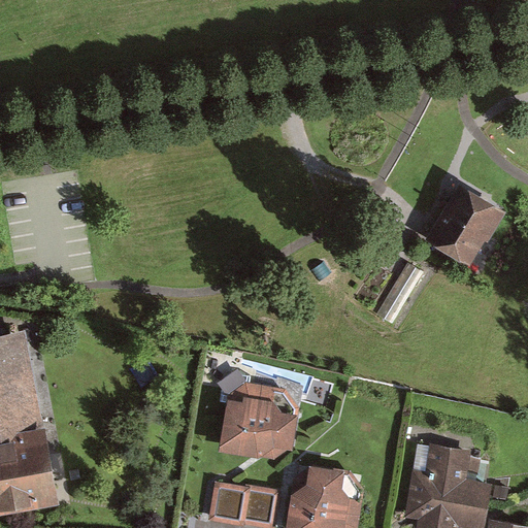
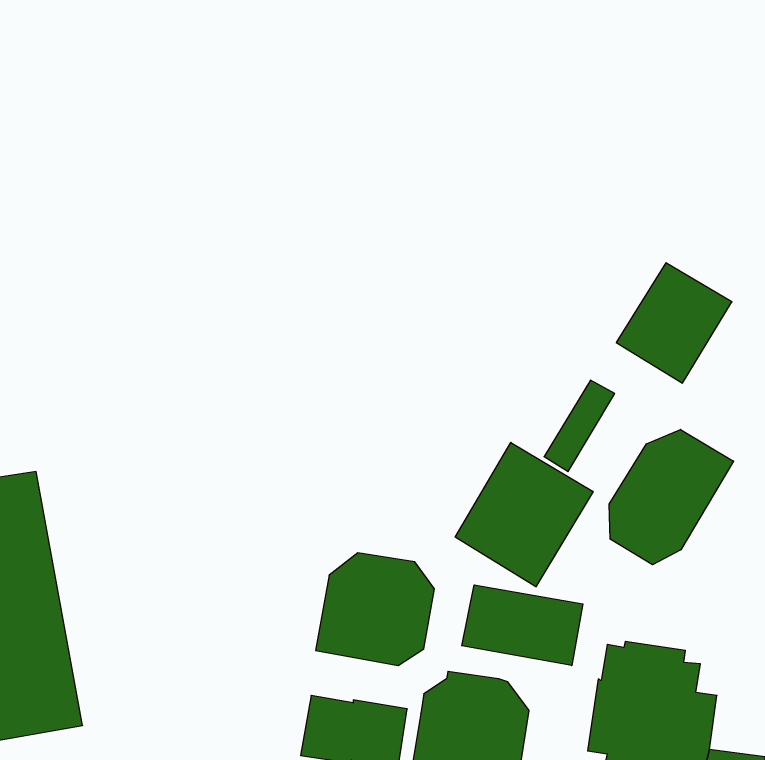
building: none -> [609,429,734,565]
building: none -> [455,442,593,587]
building: none -> [462,585,583,666]

